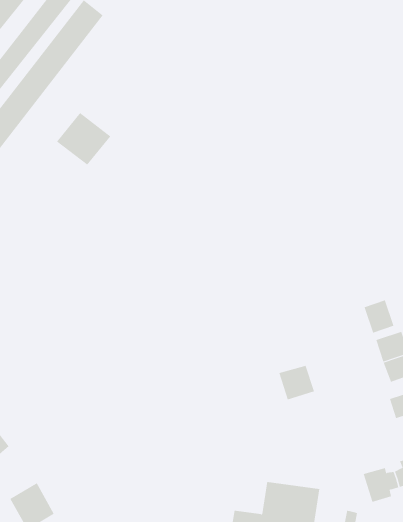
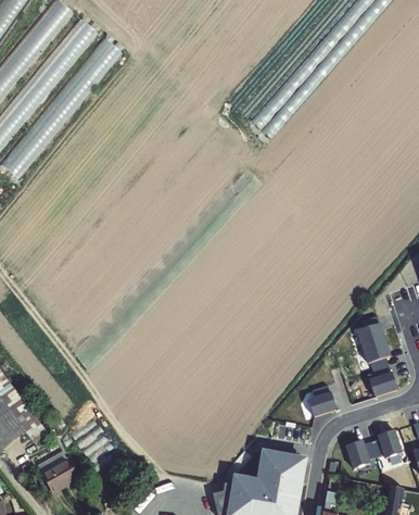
building: [56,112,111,166] -> none
building: [364,300,394,333] -> none
building: [278,365,315,400] -> [306,386,338,416]

